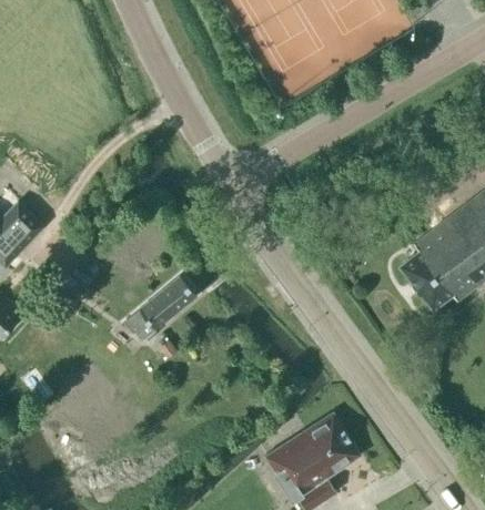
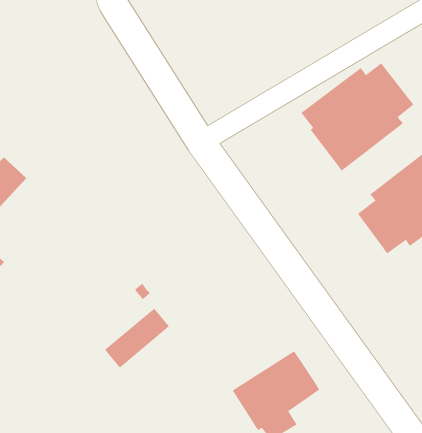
building: none -> [300,63,414,172]
building: [127,275,198,340] -> [104,308,170,368]

